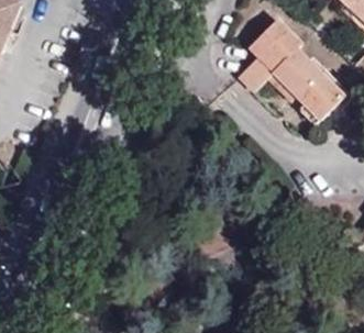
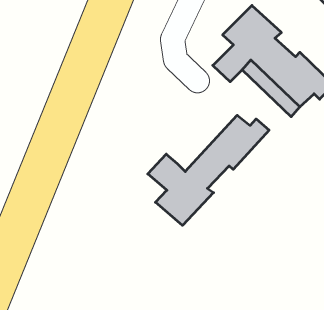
building: none -> [148,115,269,225]

